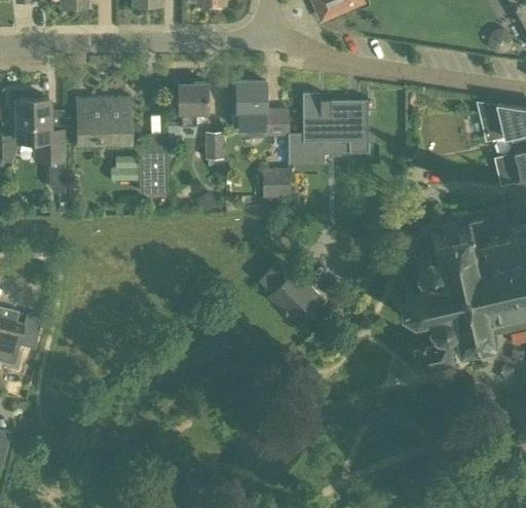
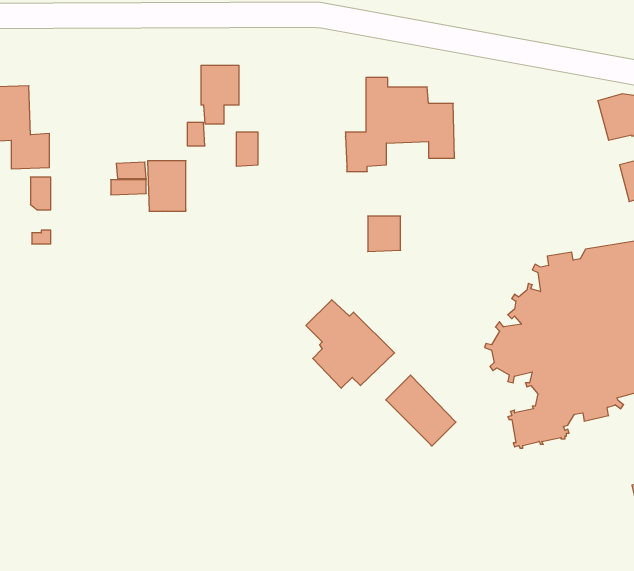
building: [237,81,290,137] -> none
building: [77,97,141,143] -> none
building: [264,170,289,196] -> [368,216,401,252]
building: none -> [386,375,456,446]

